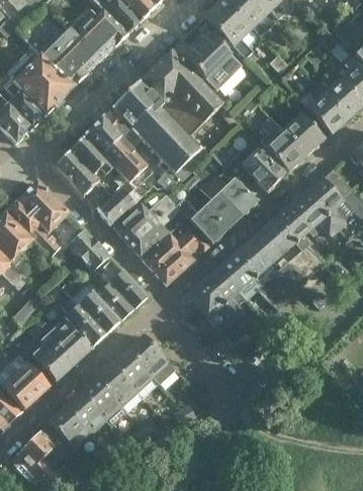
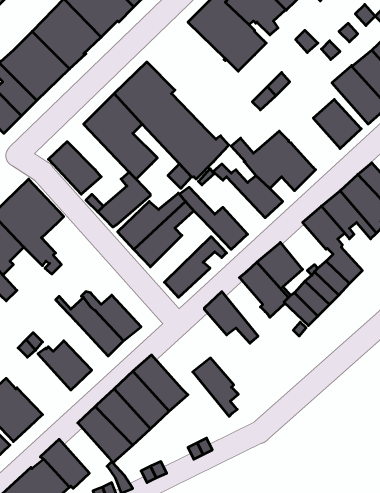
building: [140,50,223,139] -> none
building: [261,115,306,171] -> none
building: [71,133,124,181] -> none
building: [200,179,242,228] -> none
building: [255,218,294,259] -> none
building: [143,224,195,270] -> none
building: [68,228,109,270] -> none
building: [204,266,244,316] -> [193,358,238,416]
building: [109,269,148,308] -> none
building: [65,303,105,346] -> none
building: [32,331,74,379] -> none
building: [64,391,106,434] -> none

